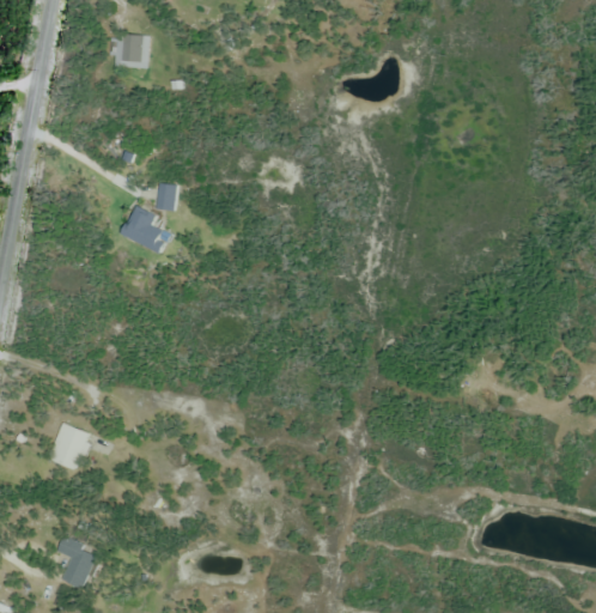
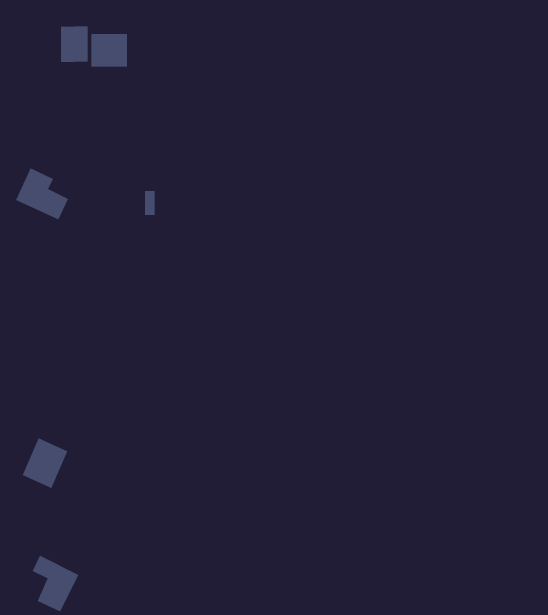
building: none -> [60,26,88,63]
building: [118,204,170,254] -> [15,168,69,220]

